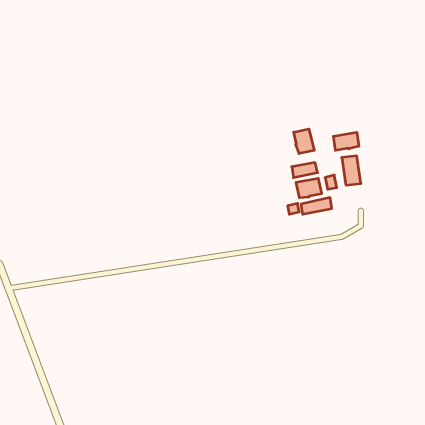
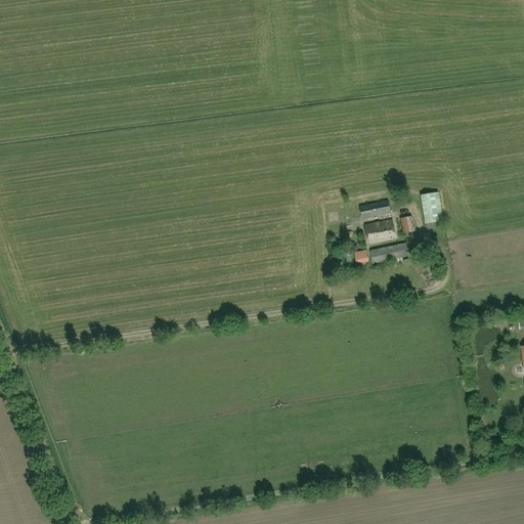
building: [294,129,314,154] -> none
building: [333,132,359,150] -> none

